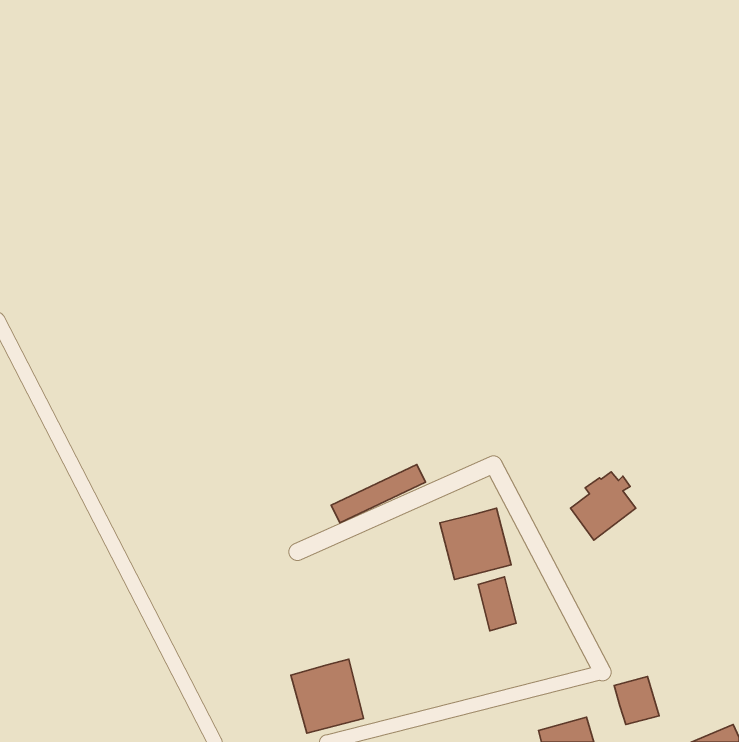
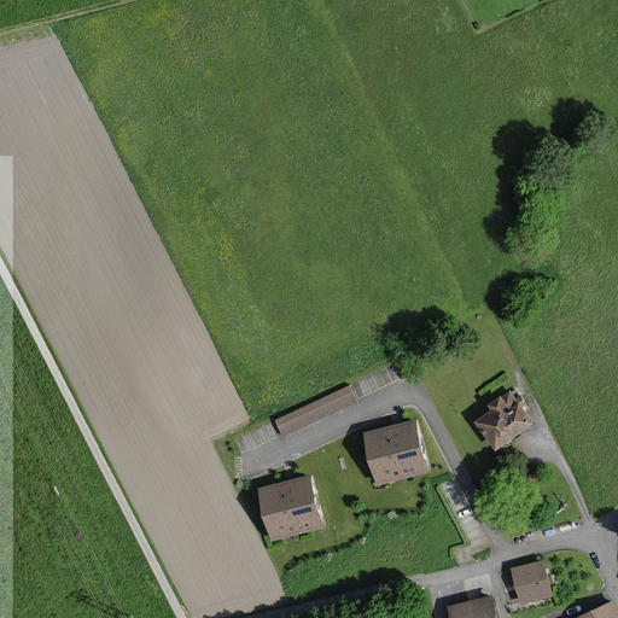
building: [478,577,516,631] -> none
building: [291,659,363,733] -> [261,477,321,538]

